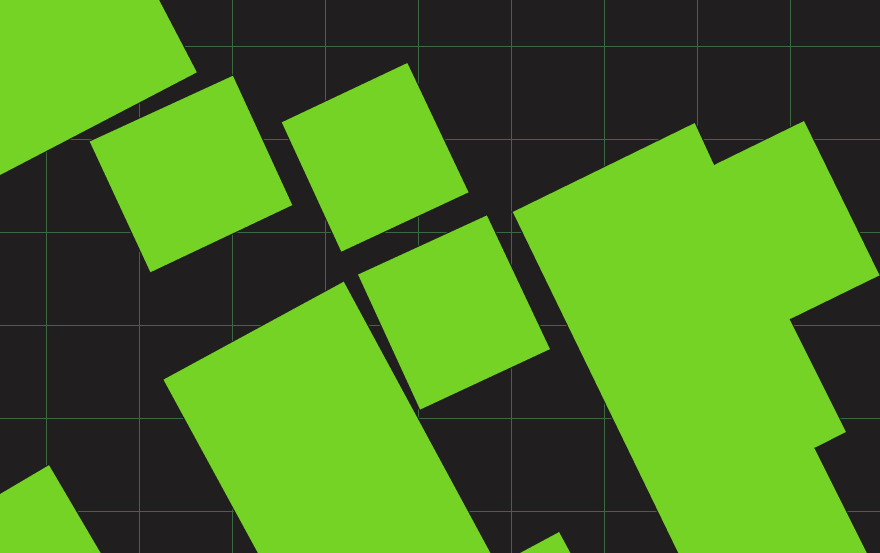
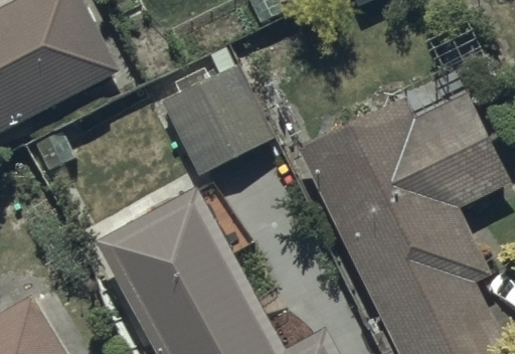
building: [89,75,293,273] -> none
building: [357,215,551,410] -> none

